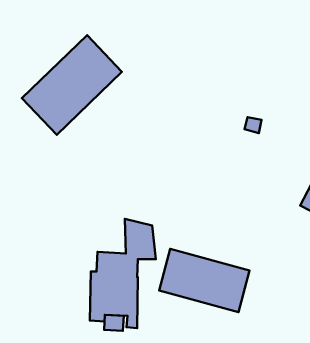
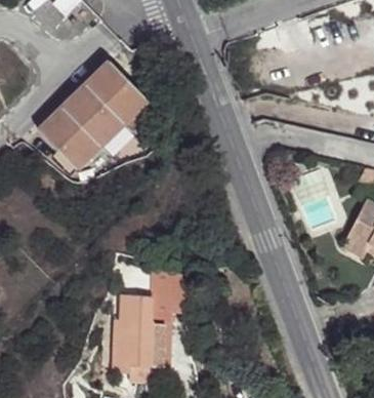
building: [159,249,249,312] -> none

